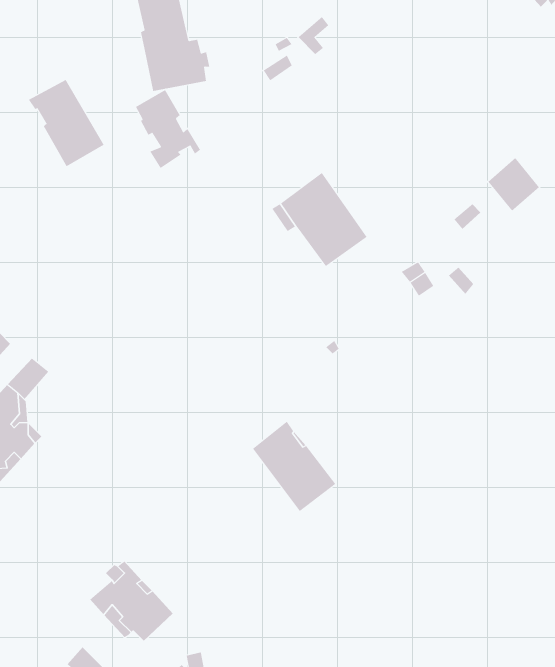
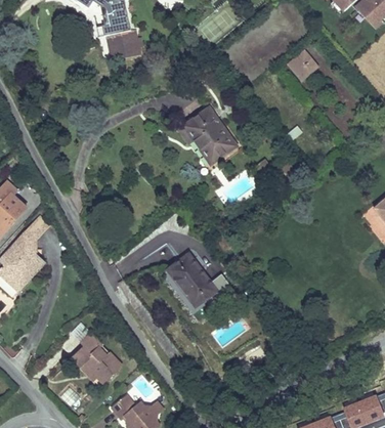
building: [28,79,105,167] -> none
building: [135,89,201,169] -> none
building: [487,157,540,212] -> [288,49,318,81]

